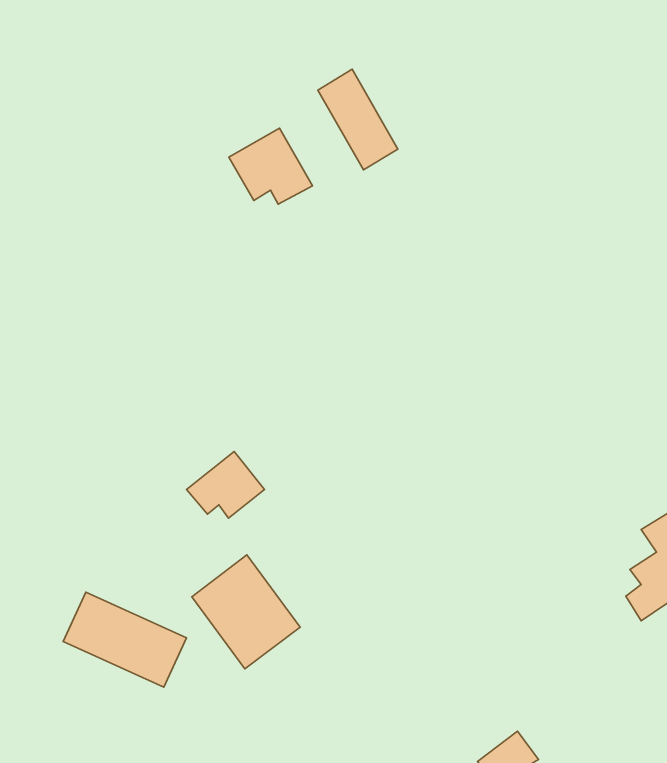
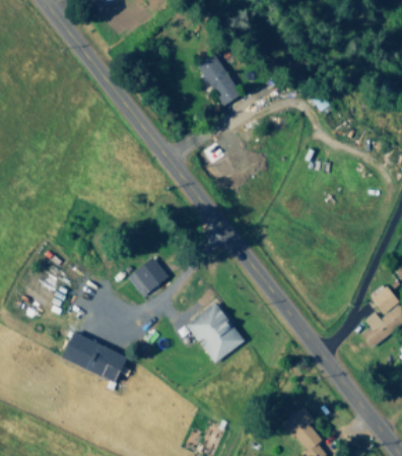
building: [229,128,312,204] -> none
building: [192,555,300,669] -> [186,303,244,364]

